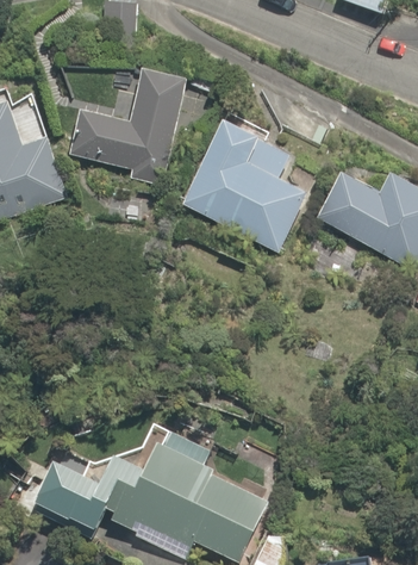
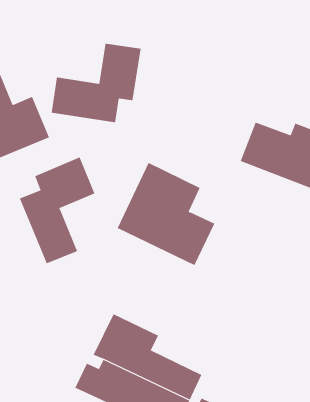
building: [181,117,308,252] -> [117,162,215,266]
building: none -> [19,157,95,264]
building: [30,453,126,529] -> none

